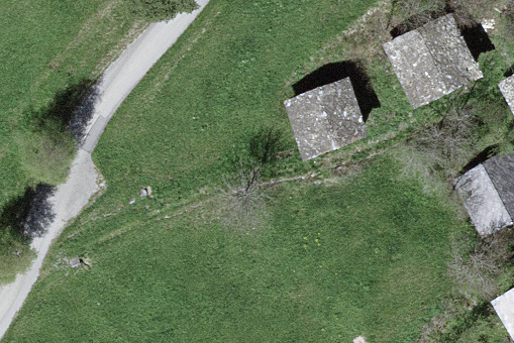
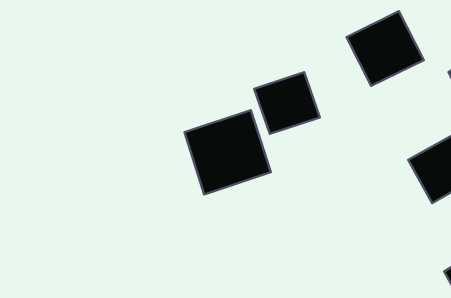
building: none -> [184,110,271,194]

